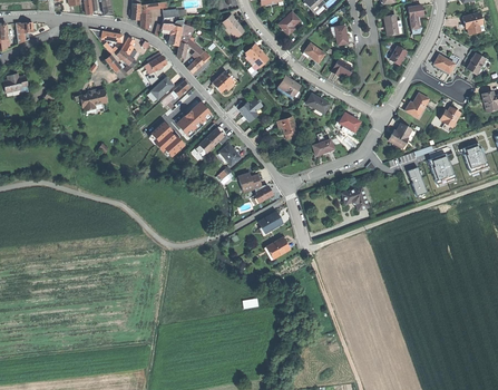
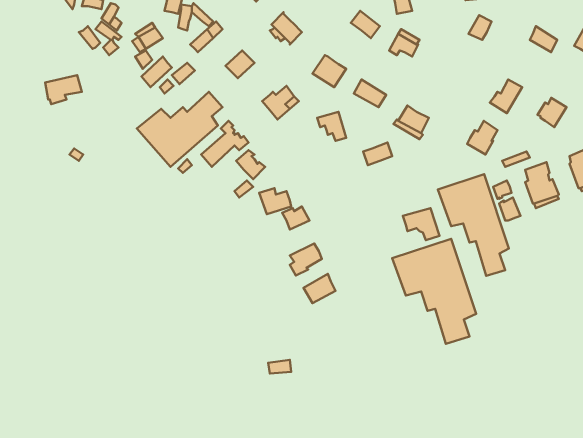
building: none -> [438,174,509,276]
building: none -> [392,239,476,344]

